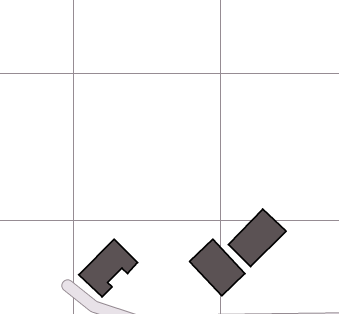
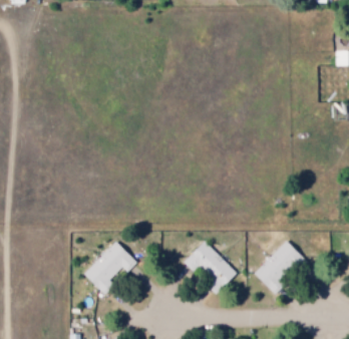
building: [228,209,286,267] -> [255,241,307,293]

